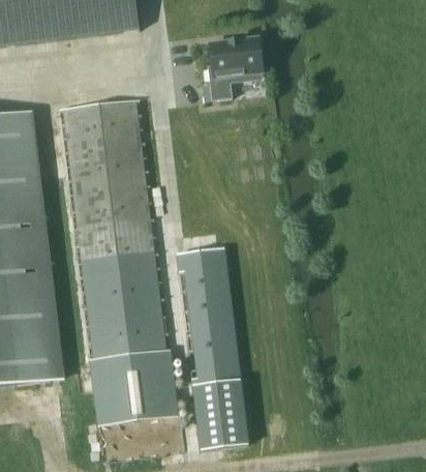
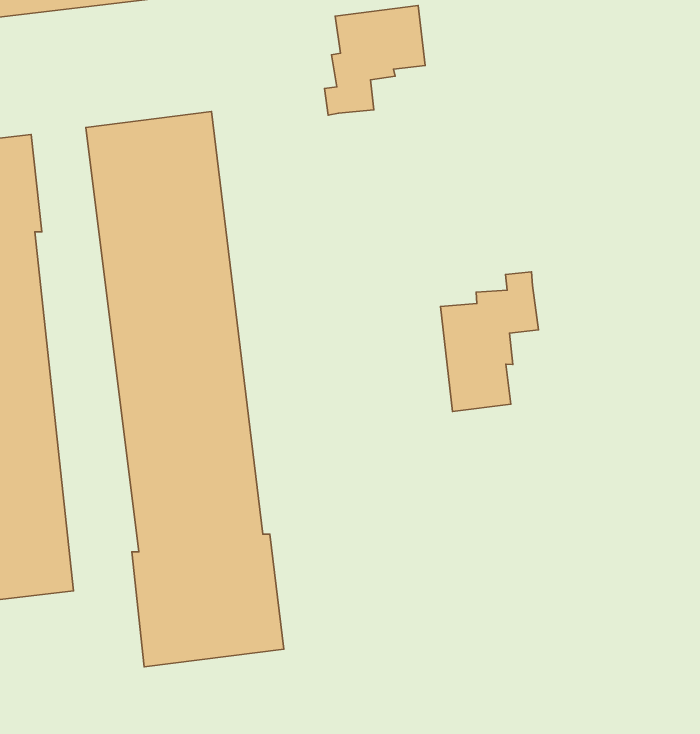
building: none -> [441,272,539,411]
building: [175,243,247,449] -> none

